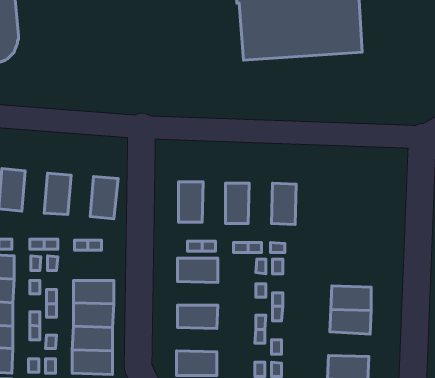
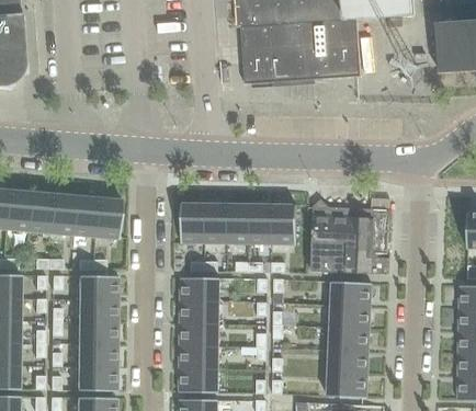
building: none -> [26,191,52,232]
building: none -> [71,195,97,236]
building: none -> [203,202,226,242]
building: none -> [248,203,272,242]
building: none -> [310,205,390,273]
building: none -> [77,274,116,298]
building: none -> [330,281,370,305]
building: none -> [179,299,218,322]
building: none -> [178,344,217,368]
building: none -> [327,349,367,373]

